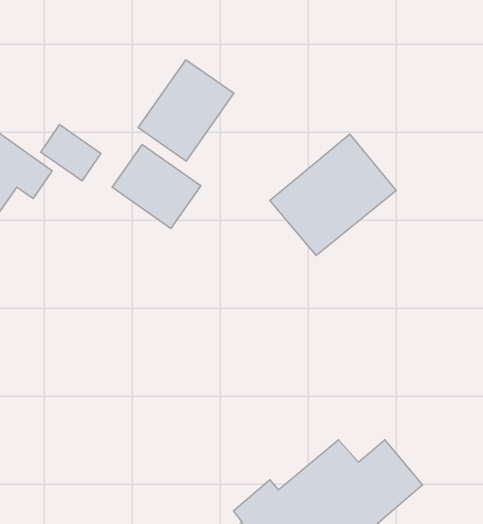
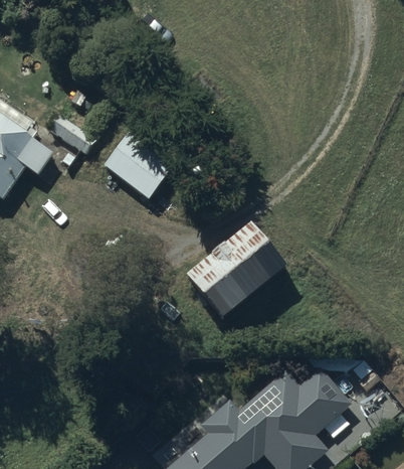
building: [138,60,234,161] -> none
building: [270,134,396,255] -> [187,222,288,320]

